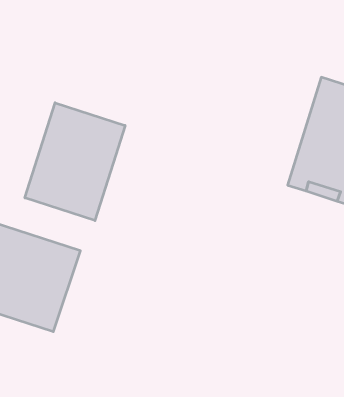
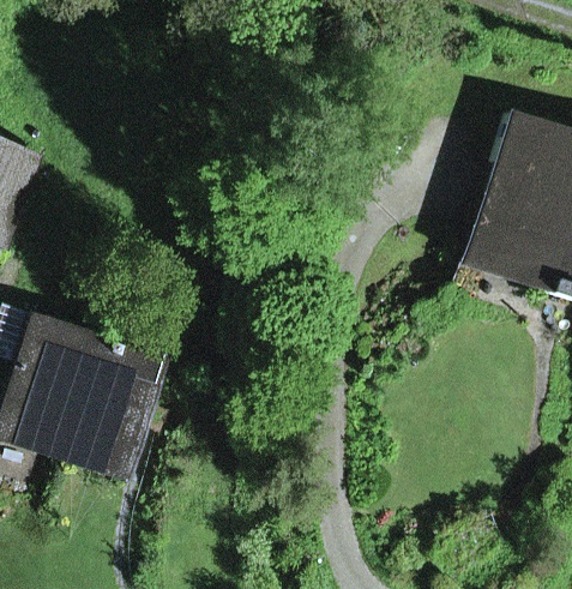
building: [25,103,125,221] -> none

